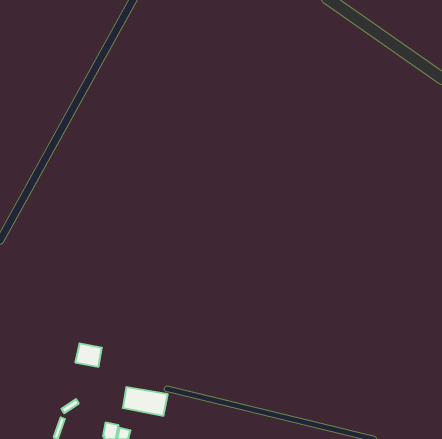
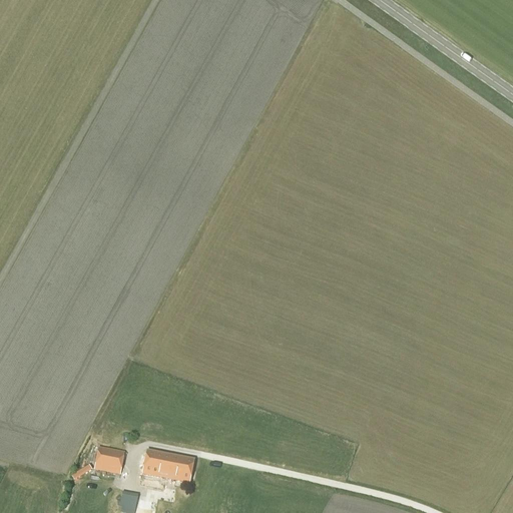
building: [75,343,102,367] -> [93,446,124,473]

